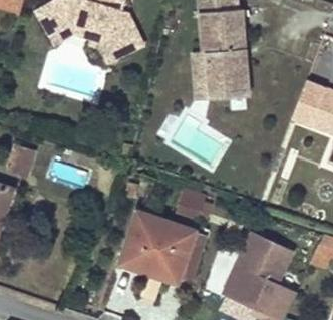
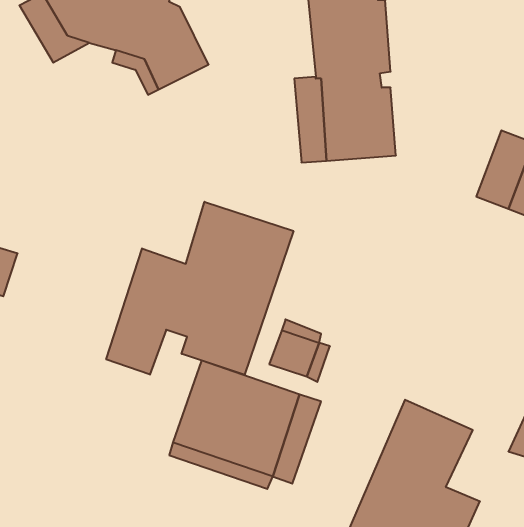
building: none -> [106,202,293,375]

